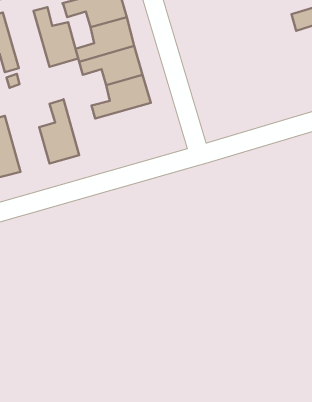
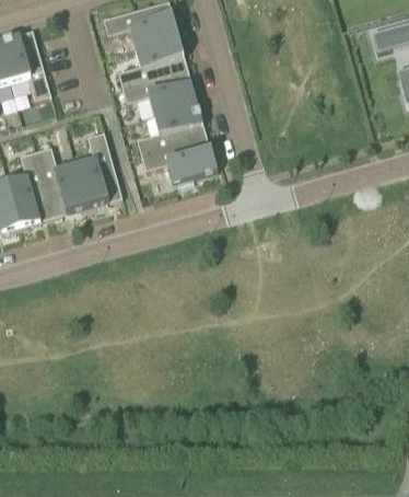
building: [34,7,78,67] -> [34,146,86,216]
building: none -> [140,135,215,184]

